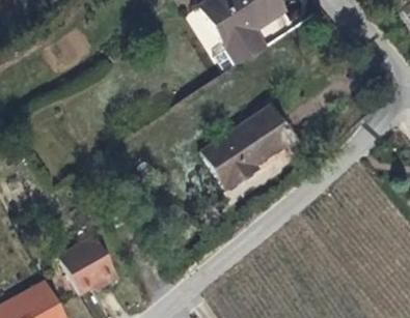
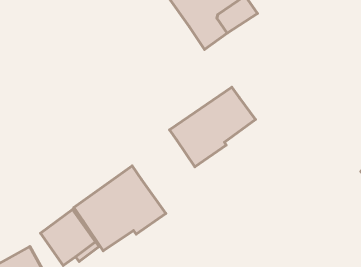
building: none -> [74,166,166,251]

